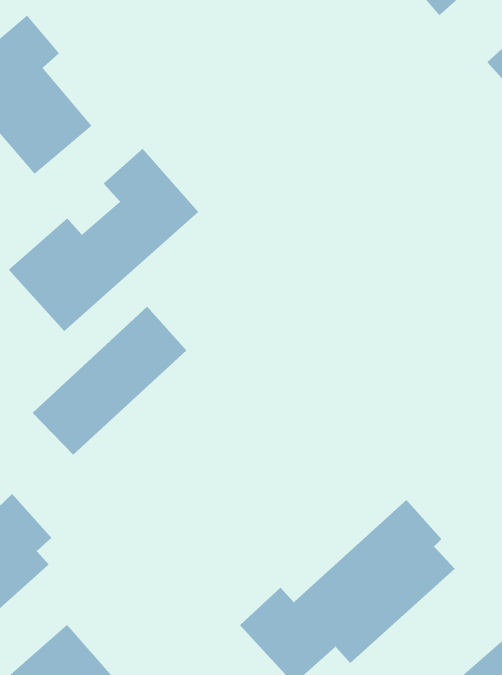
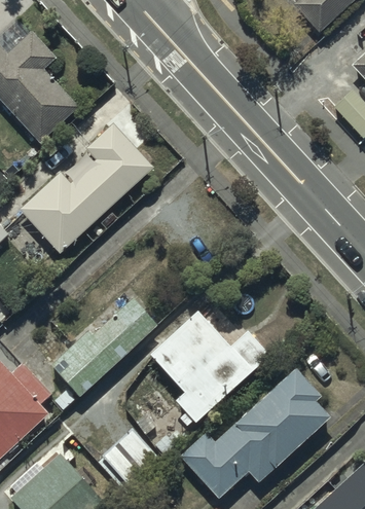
building: [32,306,187,456] -> [50,292,158,396]
building: none -> [150,311,268,422]

